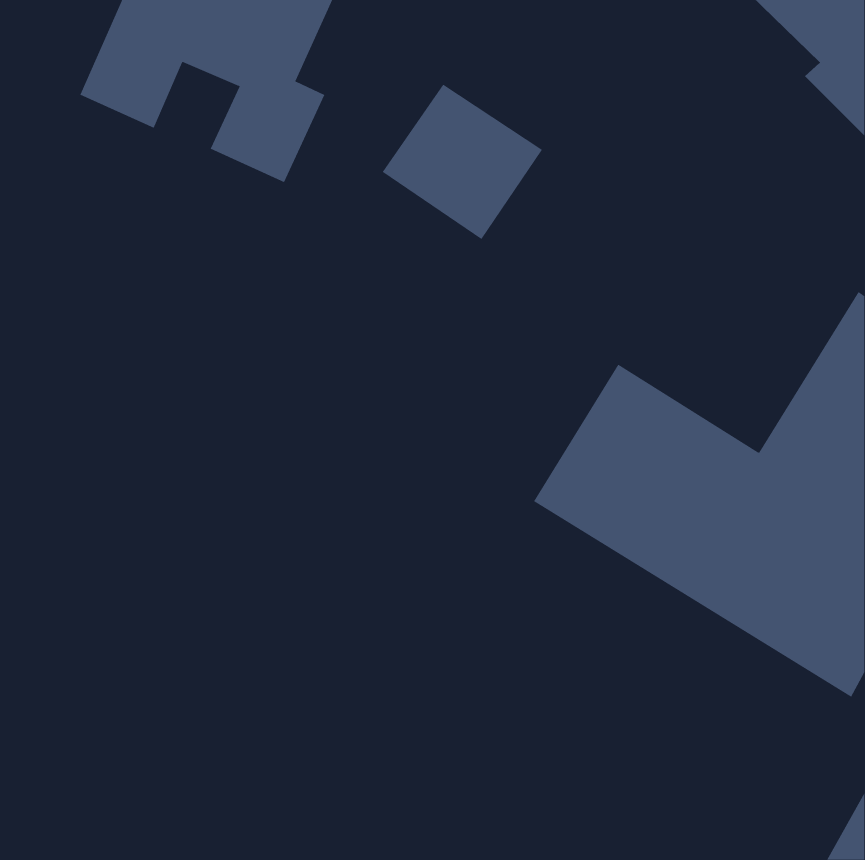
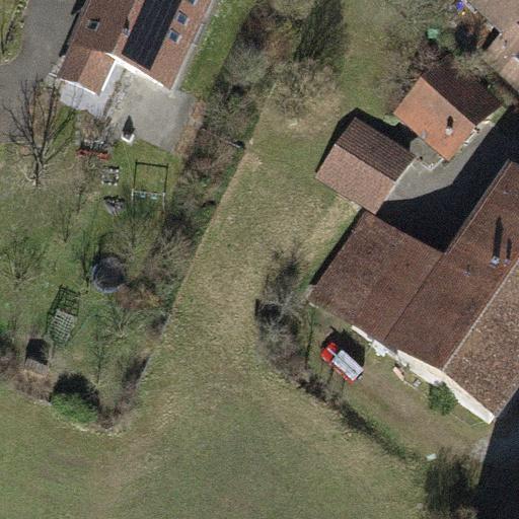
building: [382,84,543,240] -> [319,113,416,206]
building: none -> [398,53,501,155]

